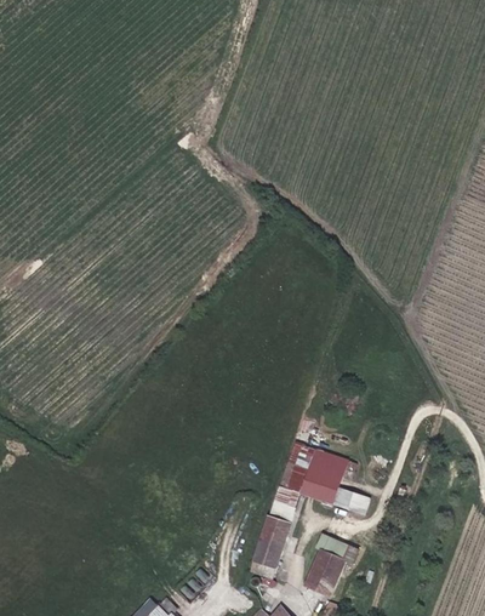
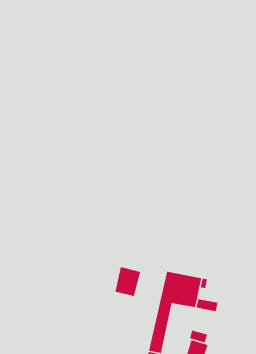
building: none -> [114,266,141,297]

